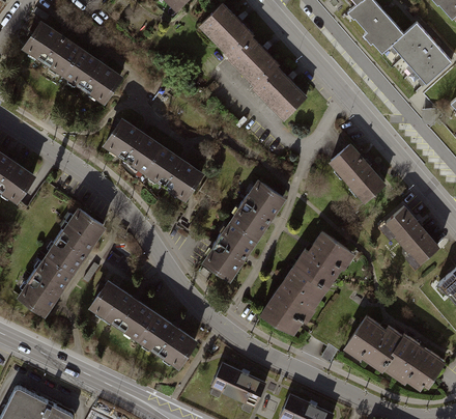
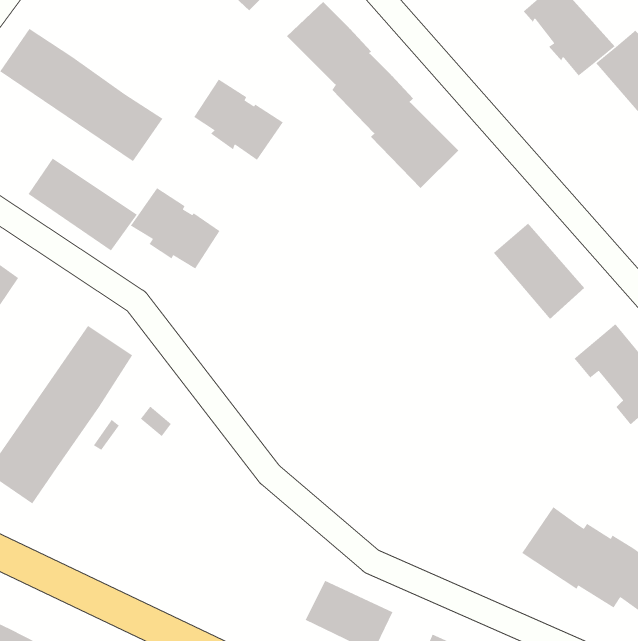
building: none -> [28,157,138,251]
building: [145,148,201,199] -> [193,79,284,161]
building: [200,179,285,281] -> none
building: [259,230,354,335] -> none
building: [89,277,200,370] -> none

